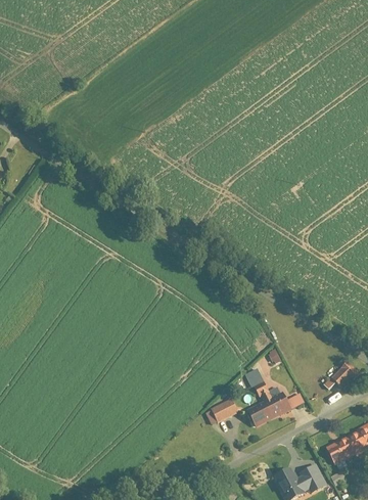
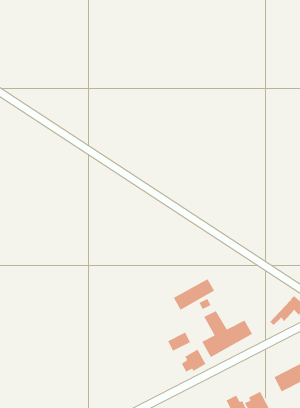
building: none -> [173,278,215,311]
building: none -> [181,349,206,373]

